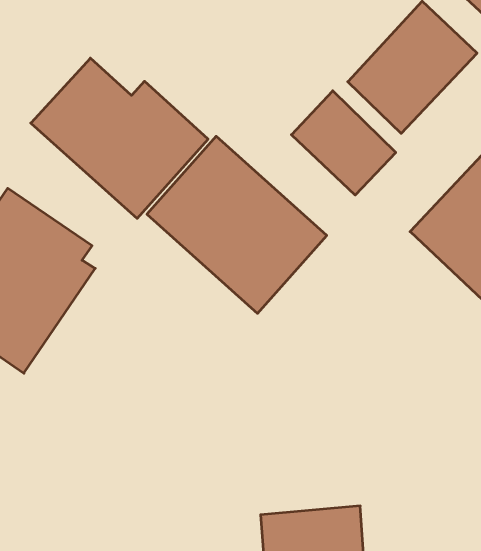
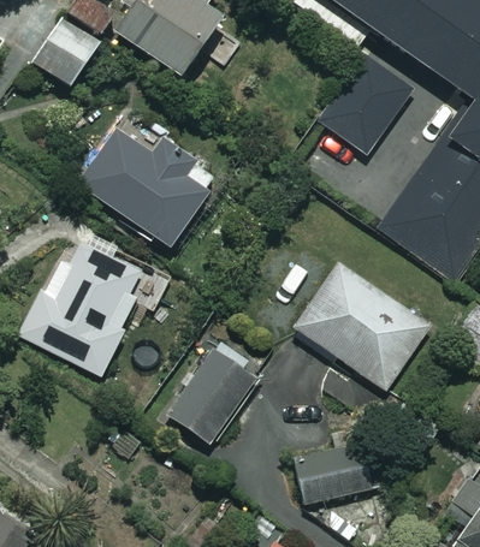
building: [291,91,396,195] -> none
building: [147,136,327,313] -> [294,262,432,392]
building: none -> [168,350,256,445]

